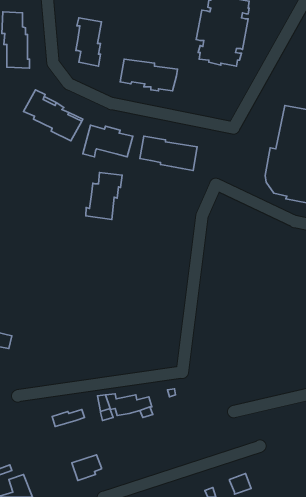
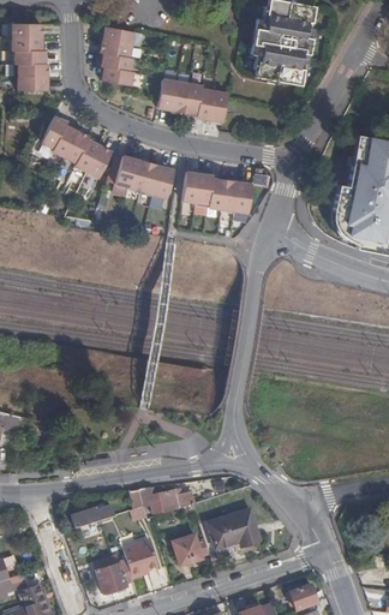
building: [86,173,122,220] -> none
building: none -> [209,508,261,548]
building: none -> [174,533,210,565]
building: none -> [125,539,161,577]

